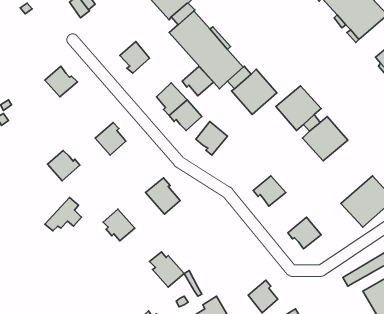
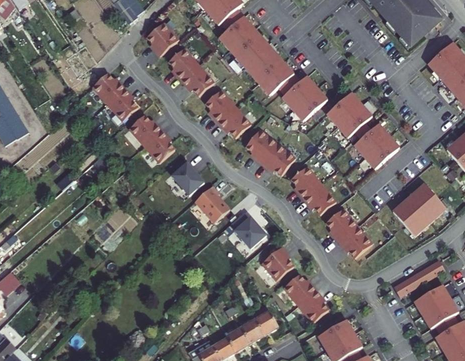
building: none -> [146,22,178,56]
building: [182,66,214,96] -> [181,65,213,95]
building: none -> [107,89,138,121]
building: none -> [261,144,295,176]
building: [47,150,80,181] -> [128,115,161,146]
building: none -> [290,166,321,199]
building: none -> [325,208,357,242]
building: [103,209,135,241] -> [172,163,204,195]
building: none -> [261,247,294,280]
building: [150,252,184,287] -> [231,213,266,249]
building: none -> [283,274,316,305]

